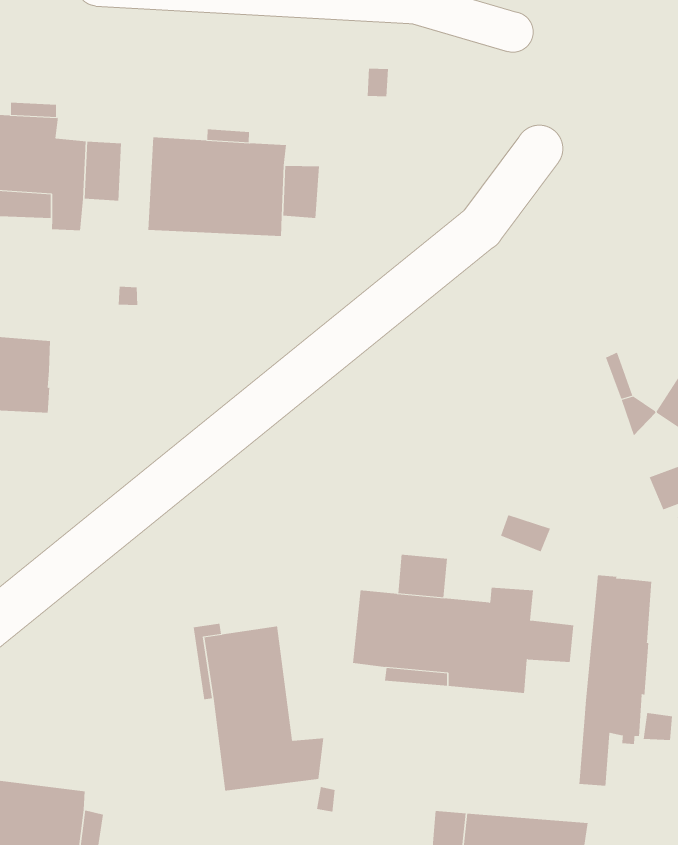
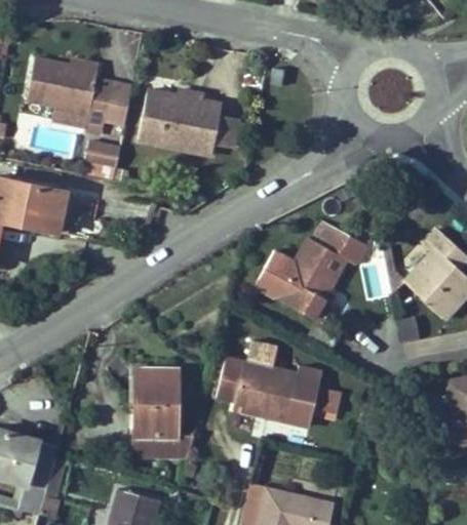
building: none -> [83,135,121,179]
building: none -> [256,223,366,322]
building: [579,575,652,787] -> none

